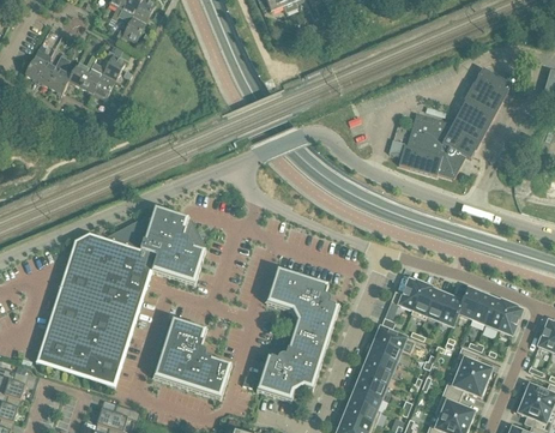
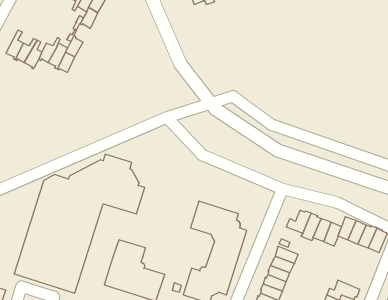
building: [385,66,511,176] -> none
building: [458,345,490,381] -> none

